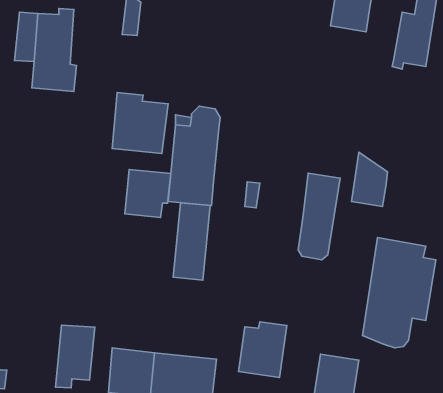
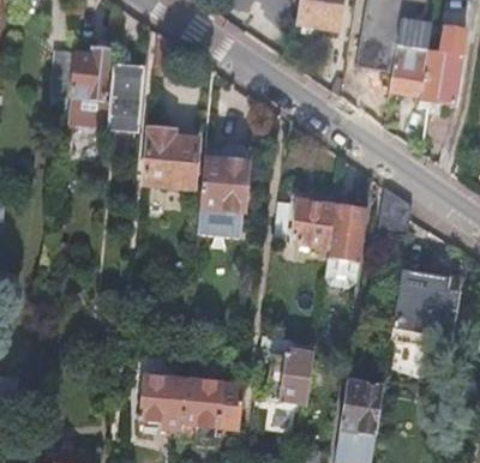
building: none -> [386,44,425,96]
building: none -> [107,67,144,131]
building: none -> [293,199,334,246]
building: [125,169,171,218] -> none
building: [173,203,210,280] -> none
building: [55,325,95,388] -> none

